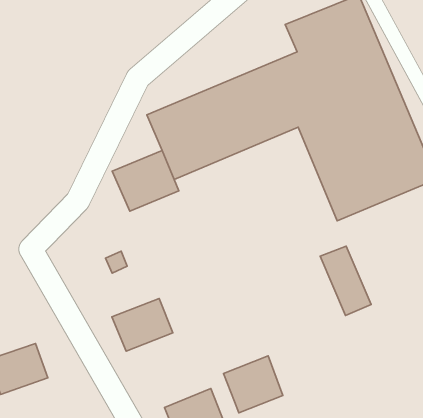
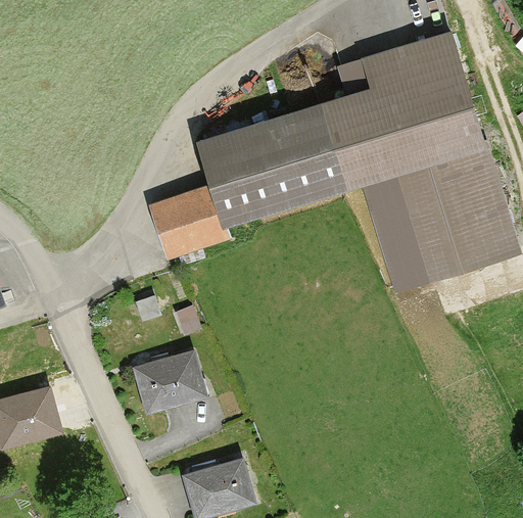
building: [320,246,371,316] -> none
building: [223,356,283,413] -> none

